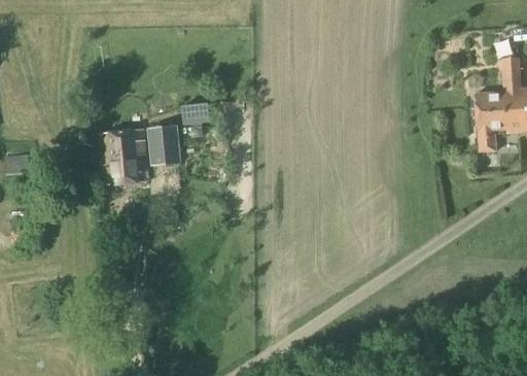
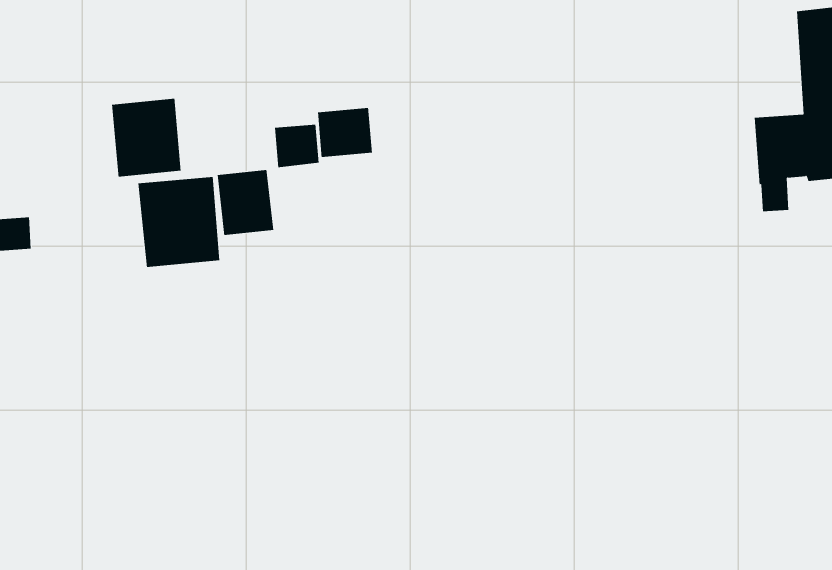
building: none -> [112,98,181,177]
building: none -> [317,107,372,158]

